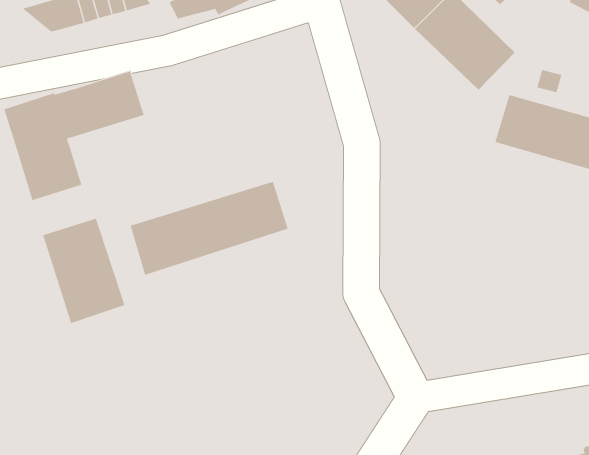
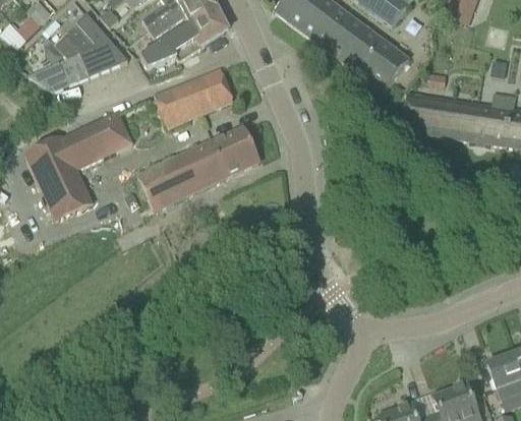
building: none -> [154,66,233,125]
building: [130,181,289,275] -> [138,126,259,211]
building: [42,218,125,324] -> none

